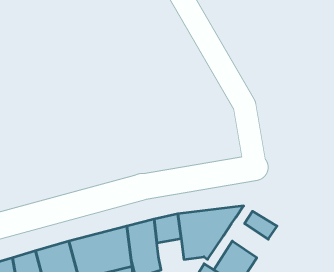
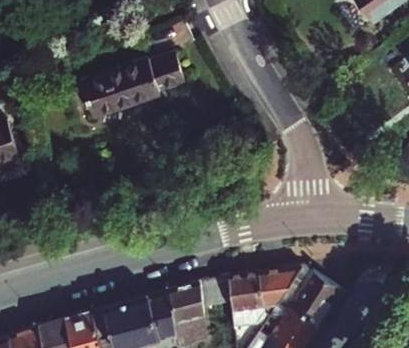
building: none -> [80,55,183,118]
building: none -> [288,280,330,326]

